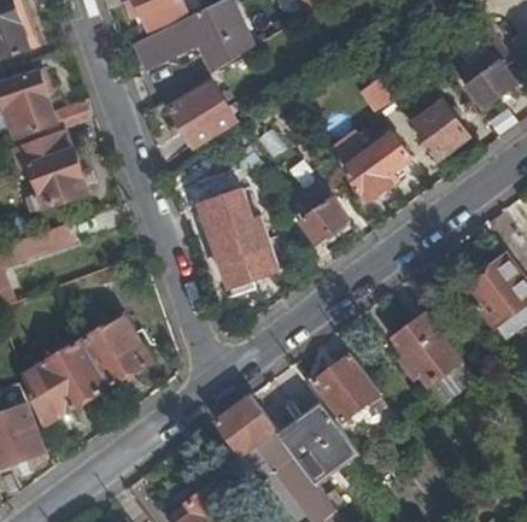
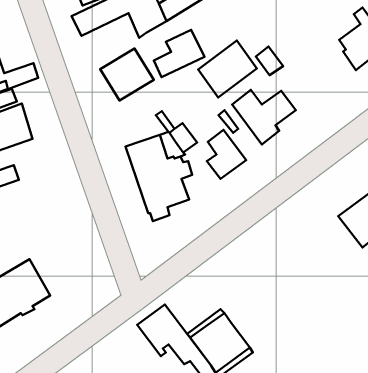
building: none -> [154,30,204,77]
building: none -> [198,40,257,97]
building: [409,100,467,157] -> none
building: [391,312,468,401] -> none
building: [81,316,148,385] -> none
building: [310,353,376,422] -> none

